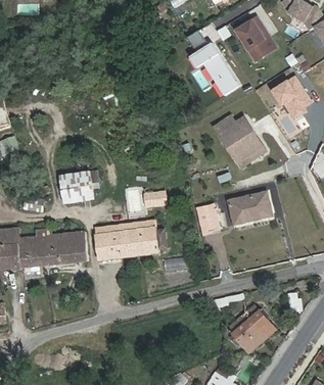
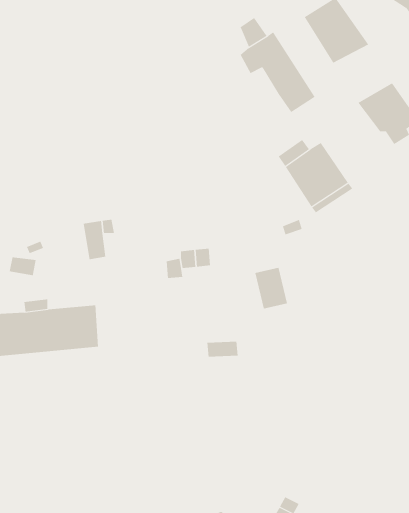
building: [61,175,81,203] -> none
building: [229,192,272,225] -> none
building: [95,225,167,260] -> none
building: [230,305,276,352] -> none

